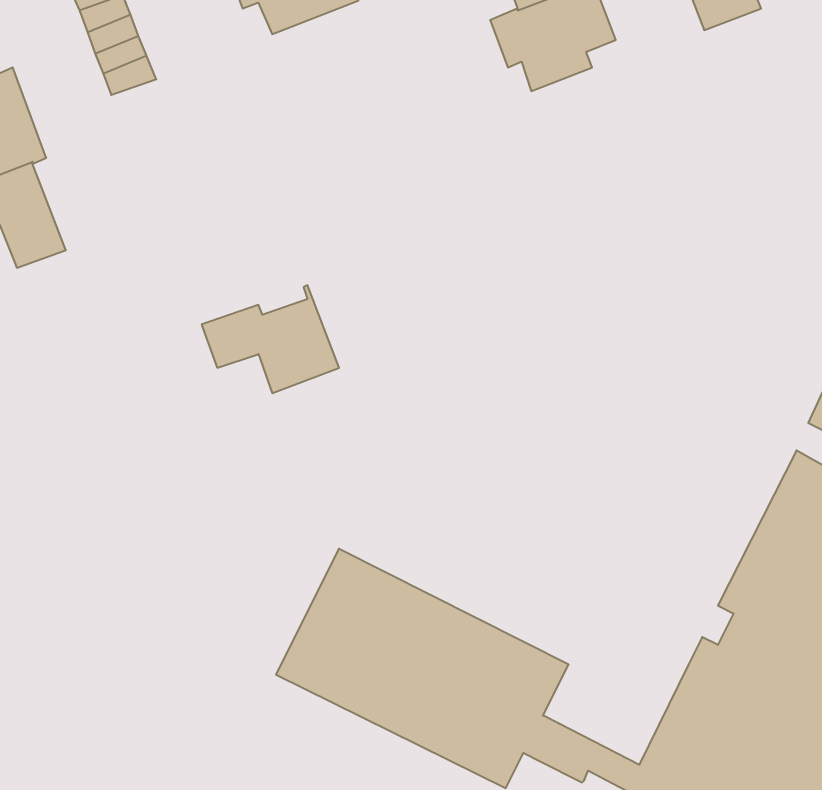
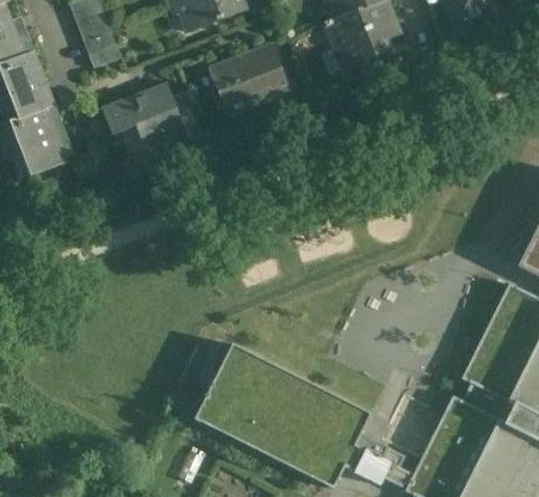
building: none -> [209,45,290,116]
building: [202,285,339,393] -> [103,86,186,151]

